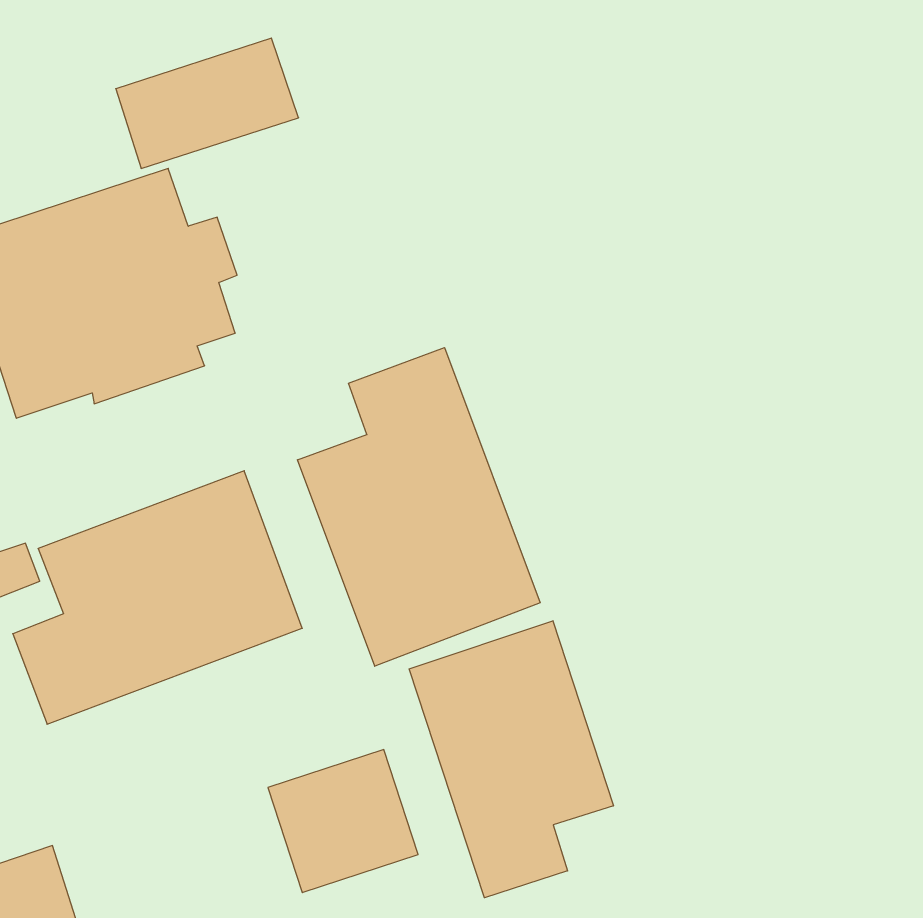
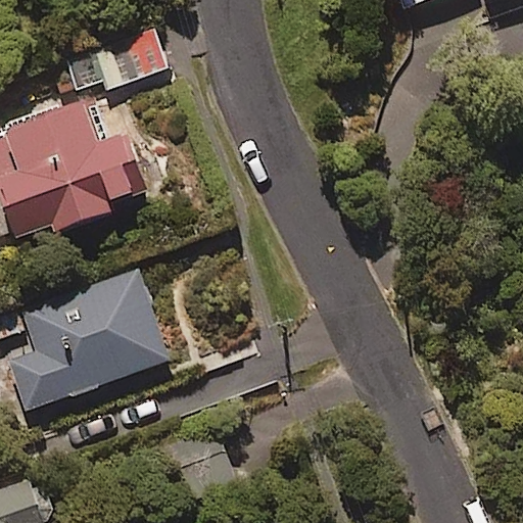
building: [297,348,540,666] -> none
building: [409,621,613,898] -> none

